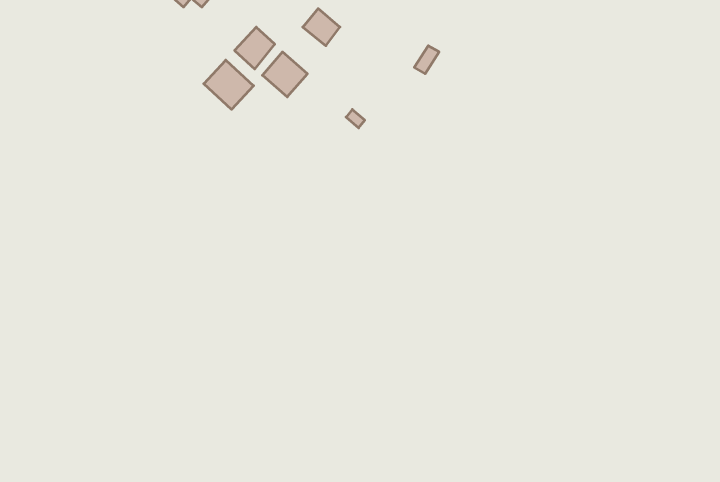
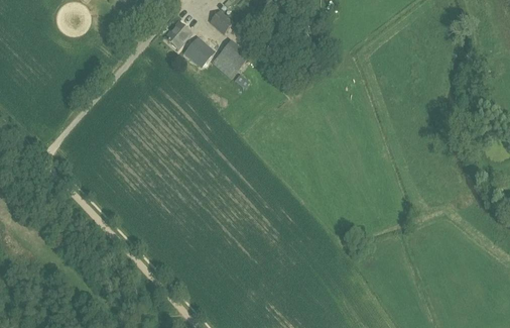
building: none -> [213,40,250,78]
building: [204,60,254,109] -> none

